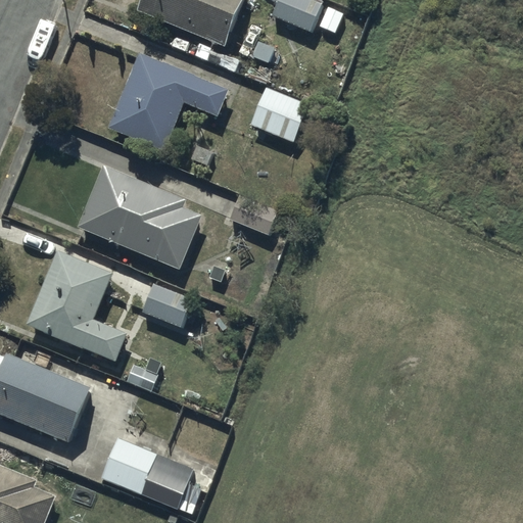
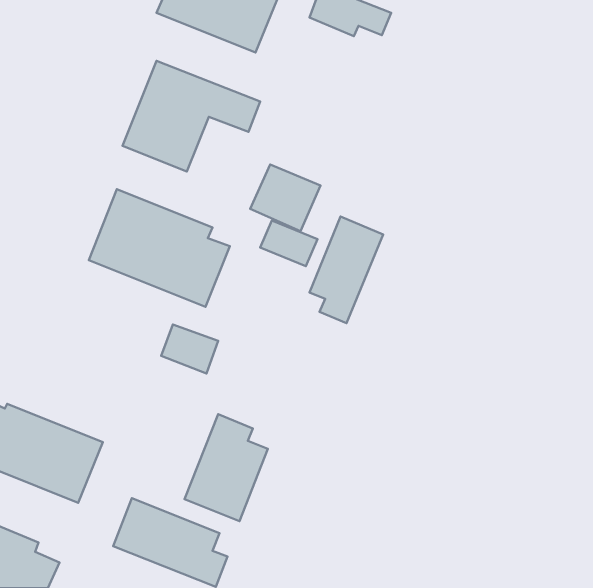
building: [248,85,310,143] -> [250,165,320,231]
building: none -> [309,217,383,323]
building: [25,249,127,362] -> none
building: none -> [185,414,268,521]

